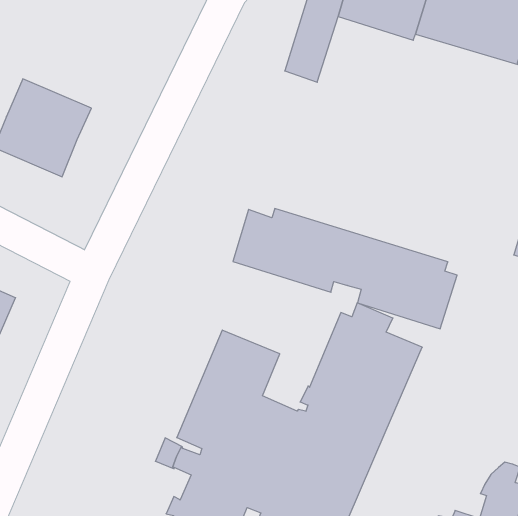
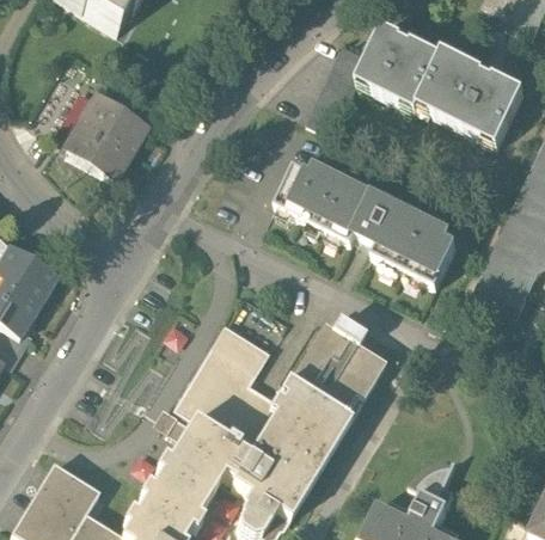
building: [233,209,457,329] -> [277,162,459,283]

